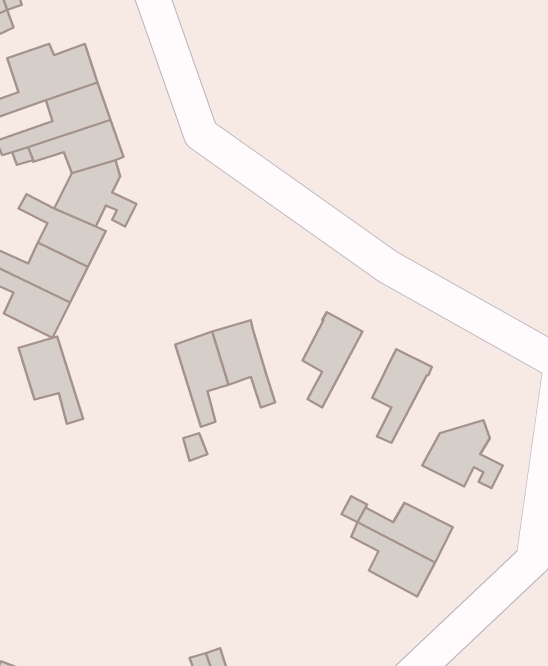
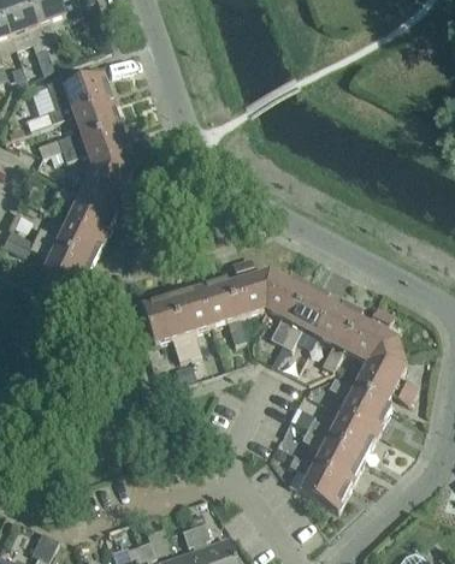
building: none -> [228,257,280,316]
building: none -> [279,286,335,348]
building: [18,336,83,424] -> [141,296,189,361]
building: none -> [342,307,400,362]
building: none -> [327,375,390,432]
building: none -> [286,453,350,510]

